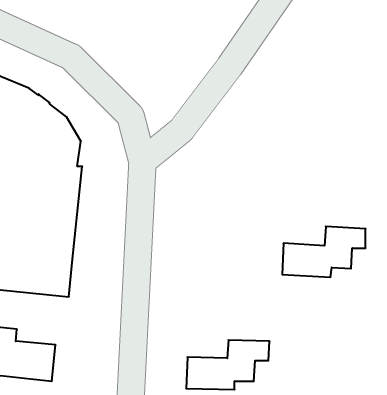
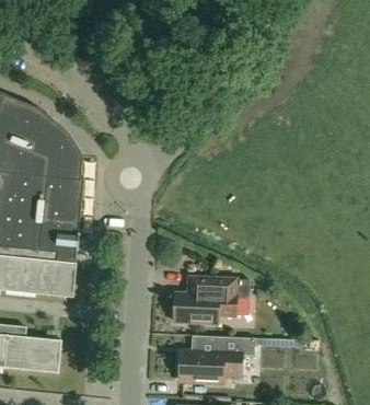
building: [282,226,366,277] -> [172,277,247,323]

